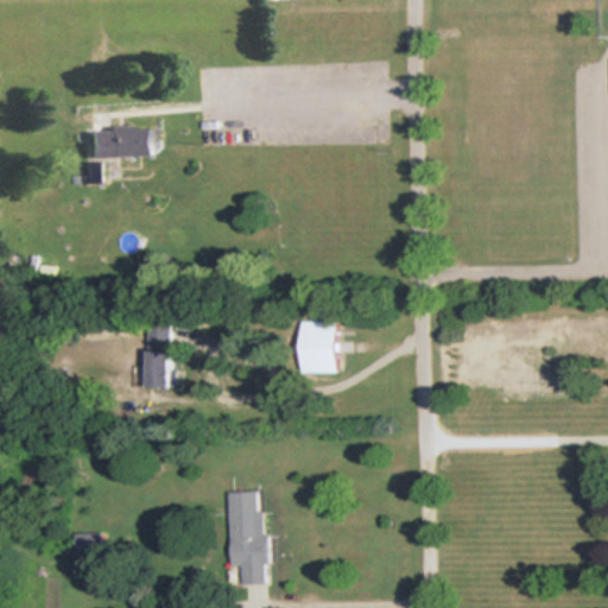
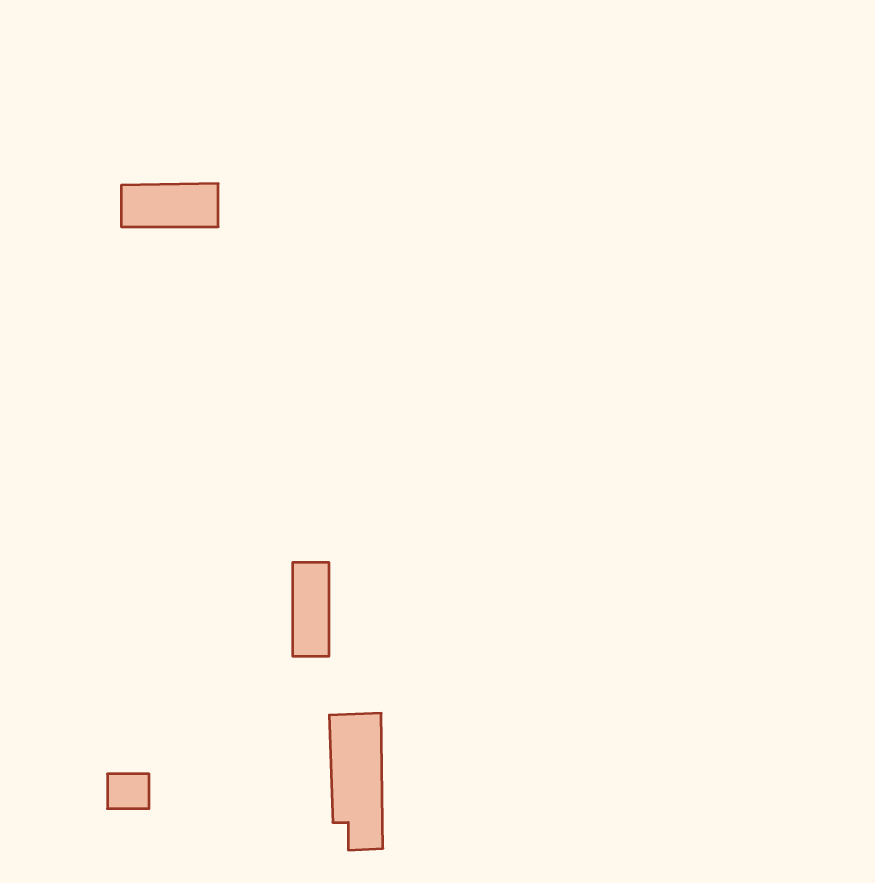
building: [299,322,336,374] -> none
building: [147,324,172,388] -> [293,563,329,656]

